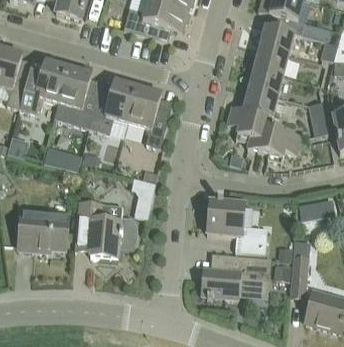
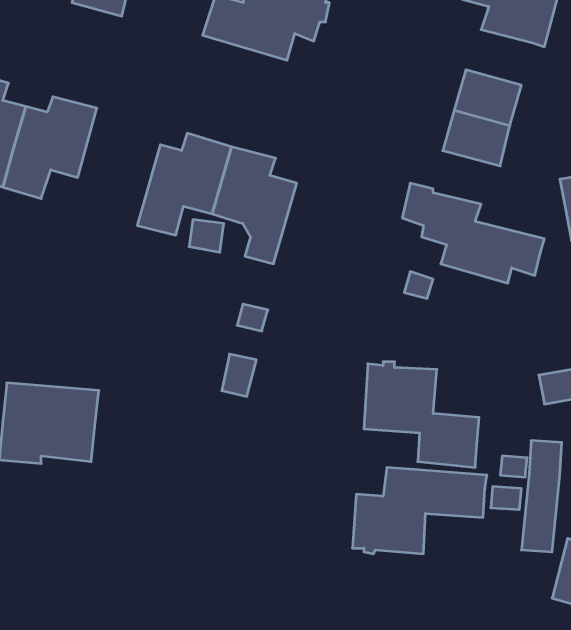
building: [260,25,295,55] -> none
building: [54,67,101,128] -> none
building: [243,89,278,119] -> none
building: [43,147,81,171] -> none
building: [75,202,137,259] -> none

